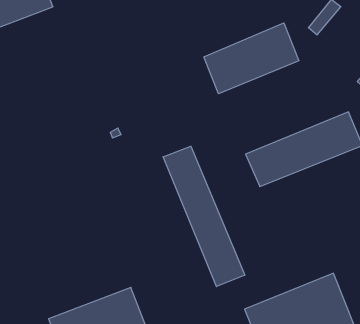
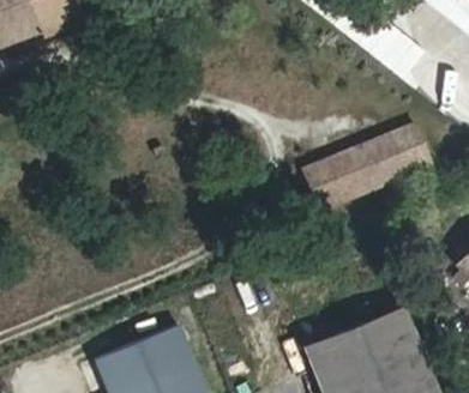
building: [204,23,299,94] -> none
building: [163,146,245,287] -> none

